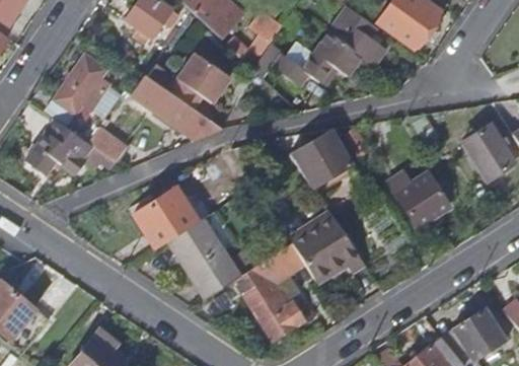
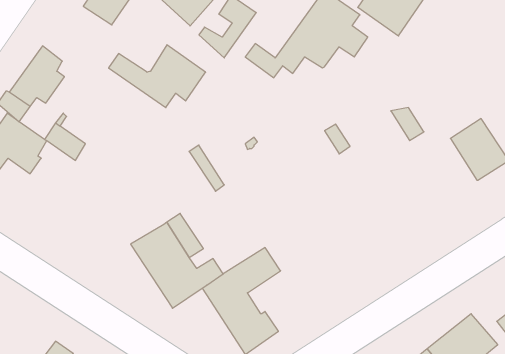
building: [131,74,223,140] -> none
building: [291,132,352,195] -> none
building: [389,172,452,228] -> none
building: [134,187,199,248] -> none
building: [289,210,365,281] -> none

